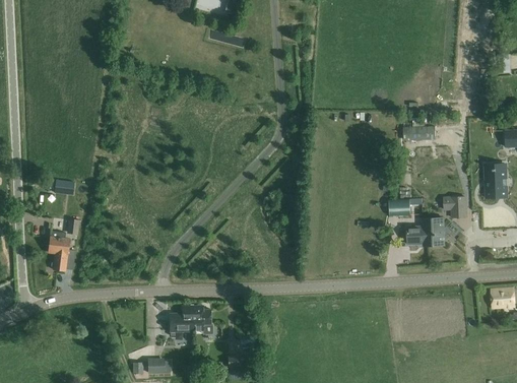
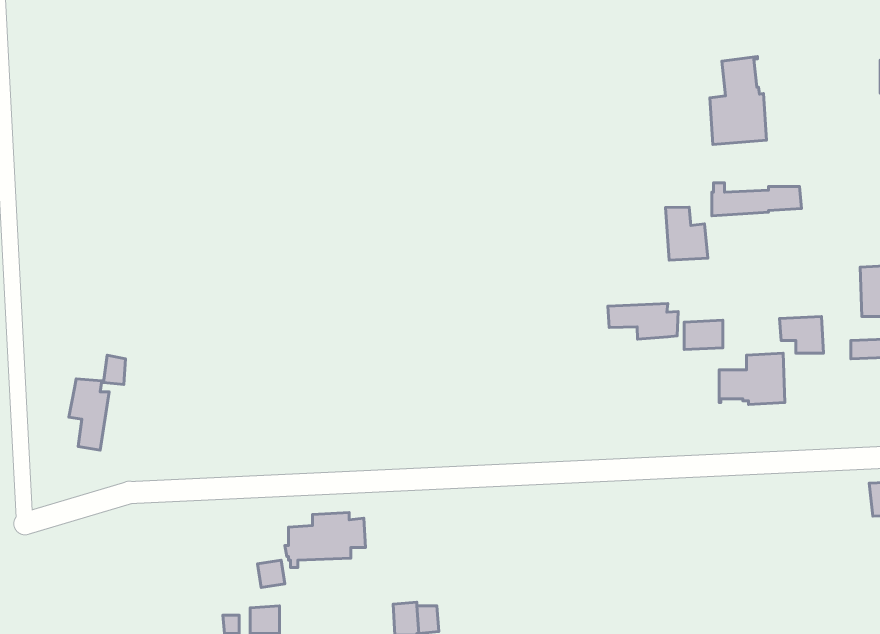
building: none -> [710,57,766,144]
building: none -> [666,207,708,260]
building: none -> [608,303,678,339]

